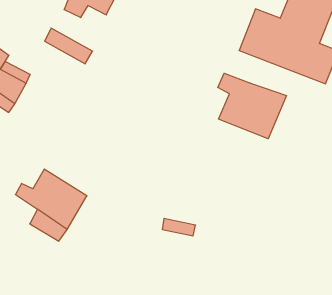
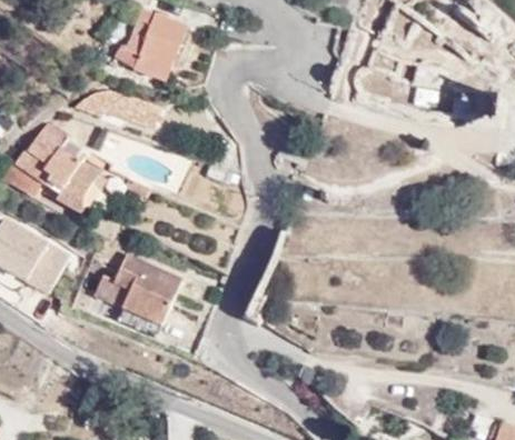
building: [218,73,286,139] -> none

